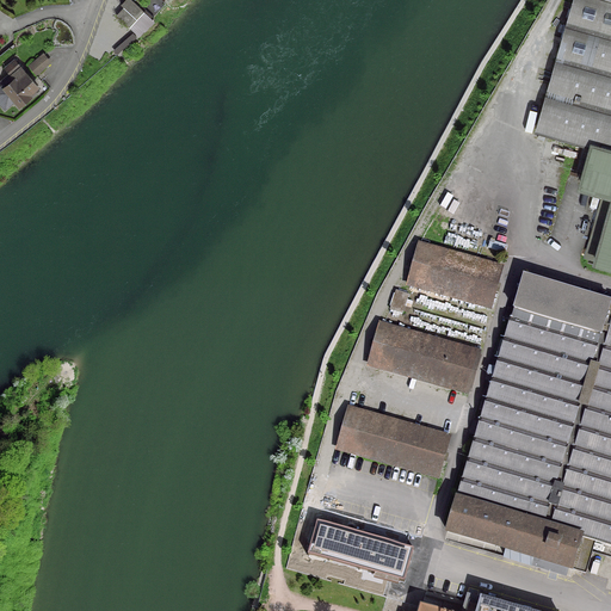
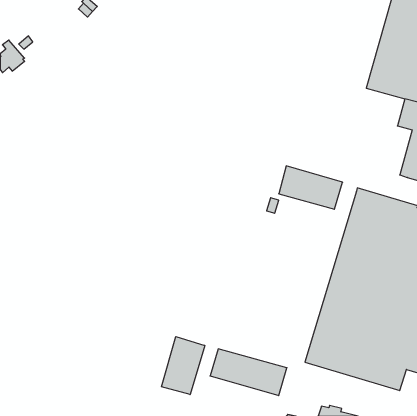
building: [369,323,480,391] -> none
building: [338,407,449,475] -> none
building: none -> [162,337,205,395]

